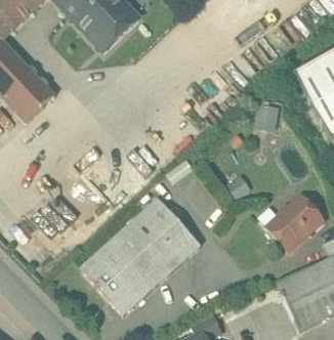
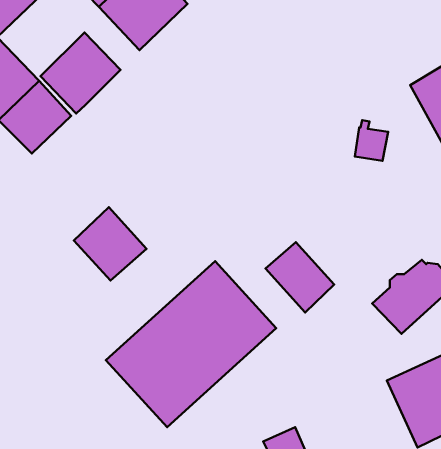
building: none -> [40,33,120,114]
building: none -> [74,207,147,280]
building: none -> [265,242,334,312]

